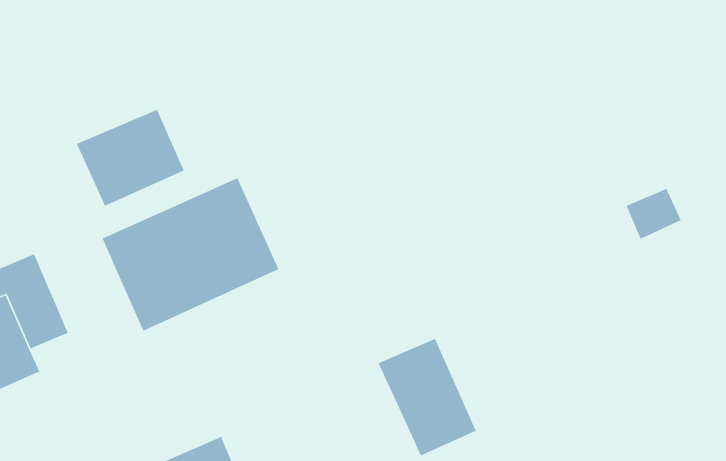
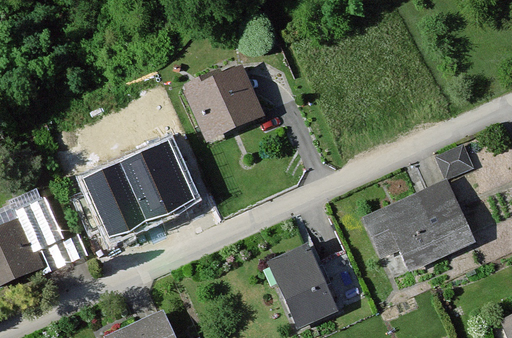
building: none -> [183,69,262,142]
building: [76,109,185,207] -> none
building: none -> [363,180,472,266]

